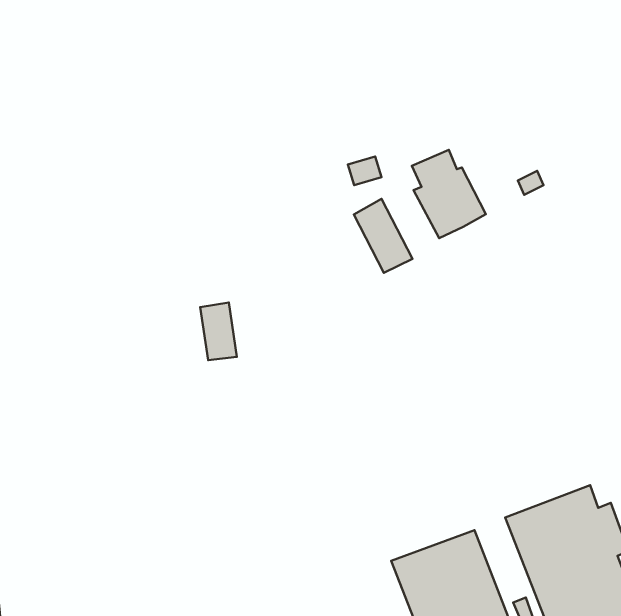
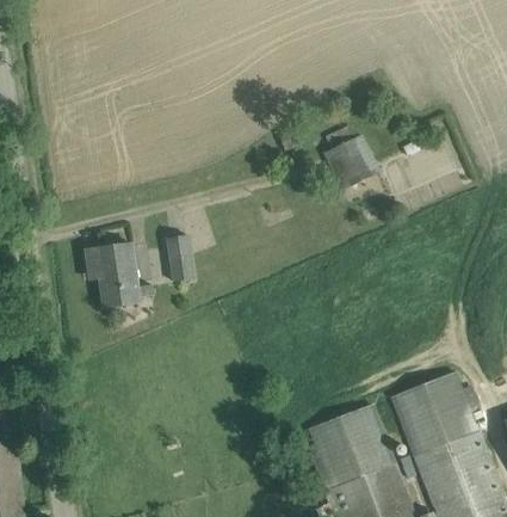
building: [354,199,412,273] -> none
building: none -> [85,245,153,308]

